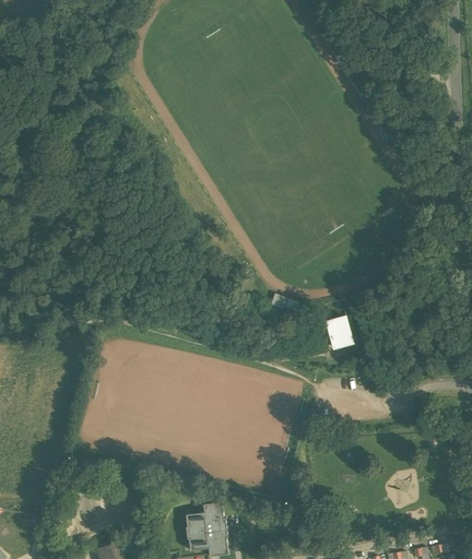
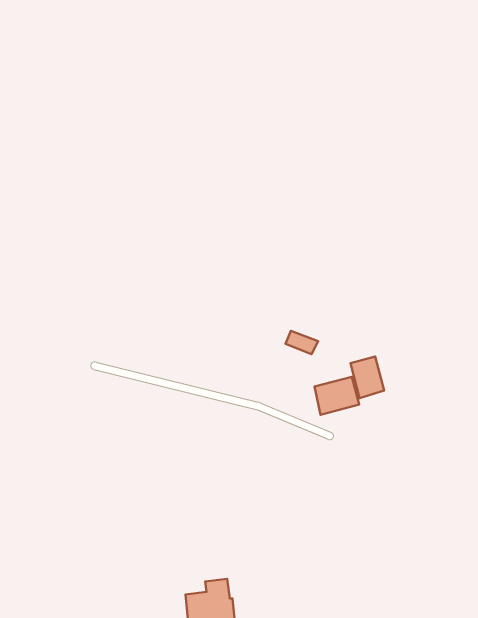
building: none -> [315,377,359,415]

